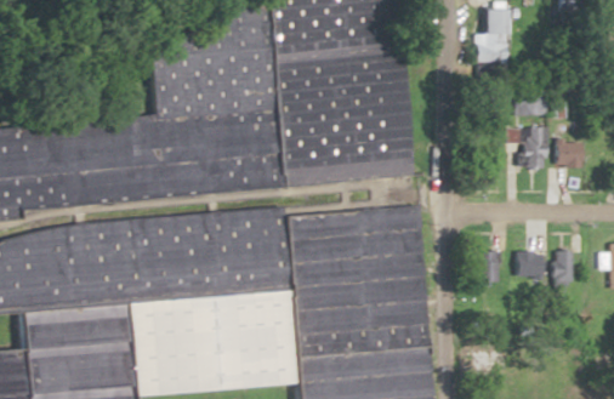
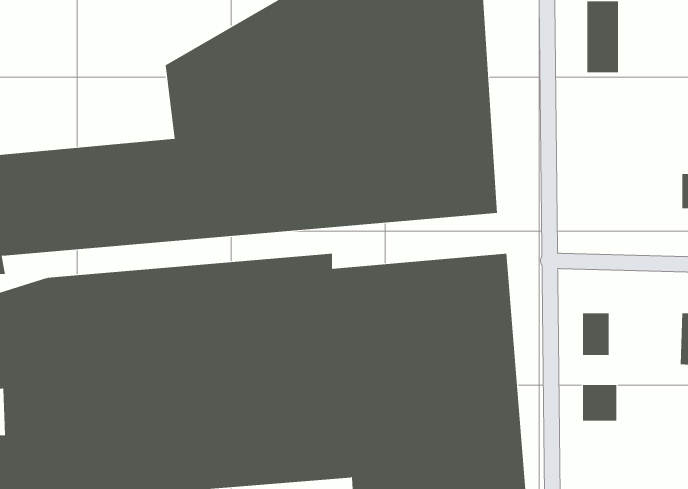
building: [516,101,546,118] -> none
building: [529,130,550,171] -> none
building: [518,253,546,283] -> [582,385,617,421]

